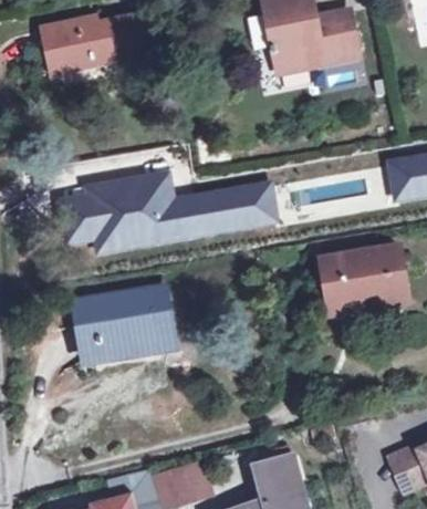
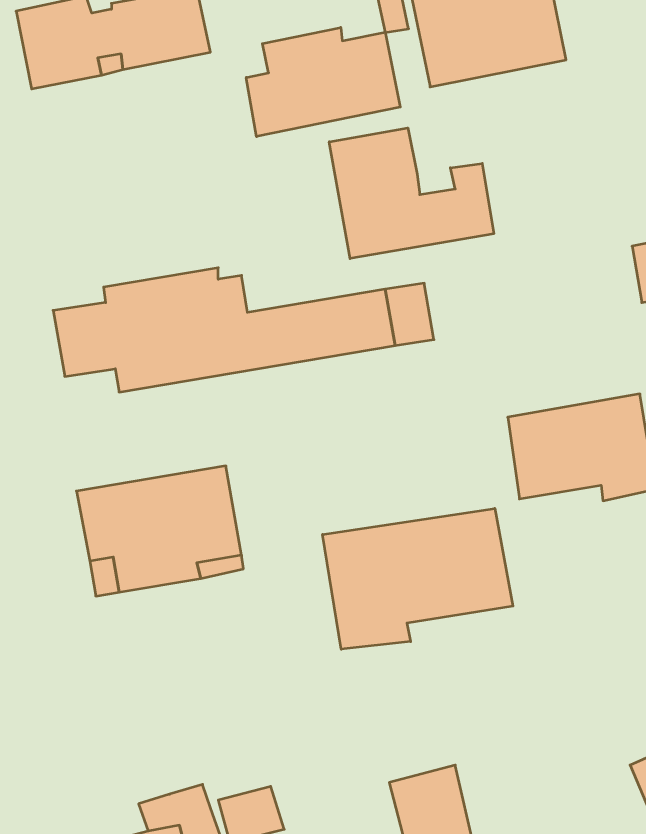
building: none -> [246,27,400,137]
building: none -> [329,128,494,259]
building: none -> [323,508,513,649]

